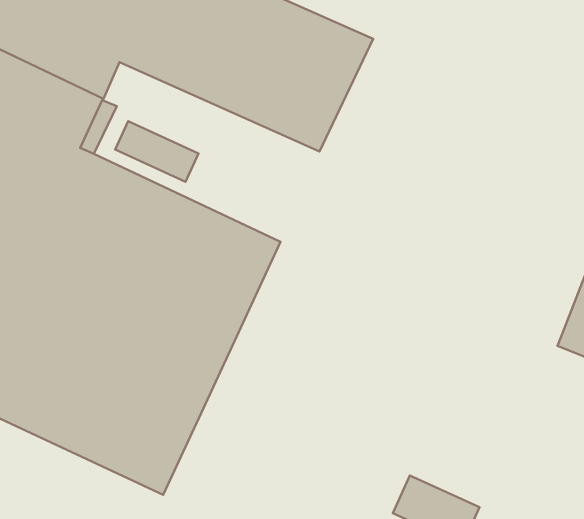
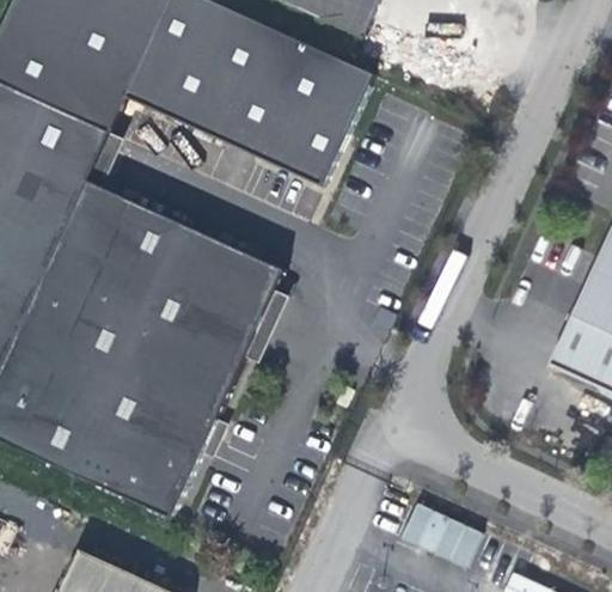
building: [115,121,199,182] -> none

